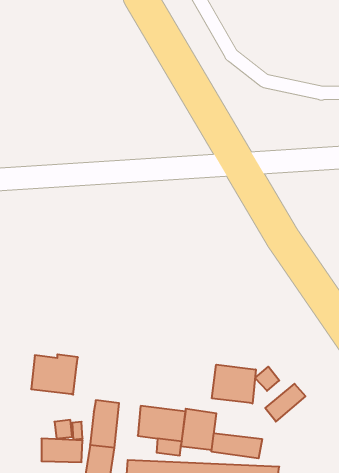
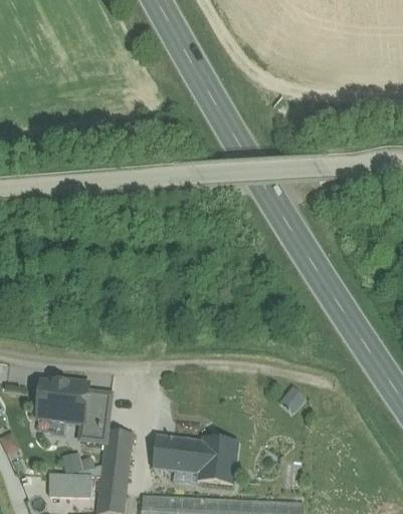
building: none -> [79,391,111,442]
building: [212,365,256,404] -> none
building: [265,384,305,422] -> none
building: [212,433,262,458] -> none

